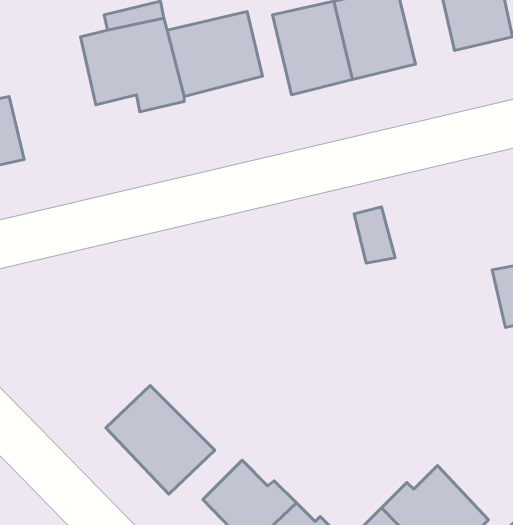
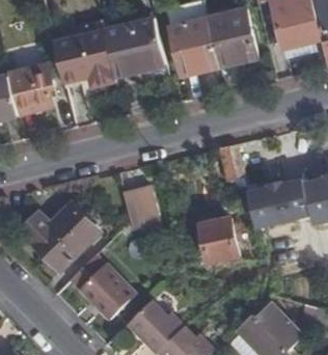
building: none -> [8,64,54,115]
building: none -> [249,180,311,227]
building: none -> [122,181,159,225]
building: none -> [23,207,101,272]
building: none -> [202,219,240,260]

